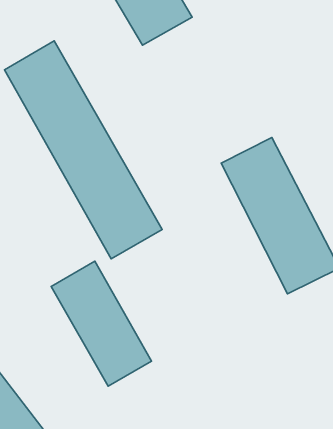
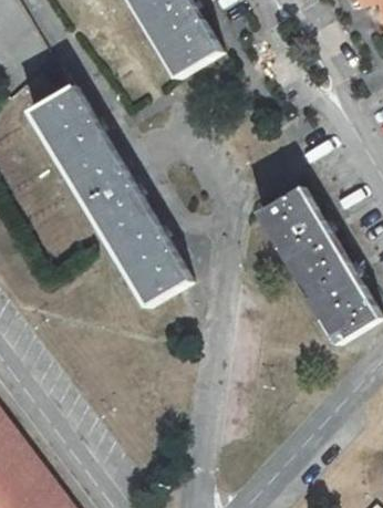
building: [51,261,152,386] -> none

